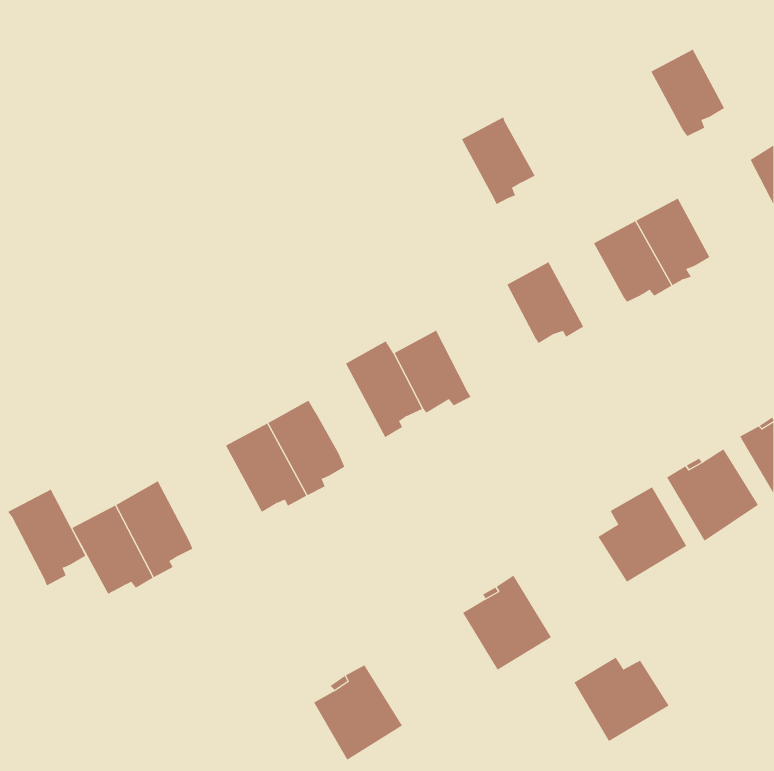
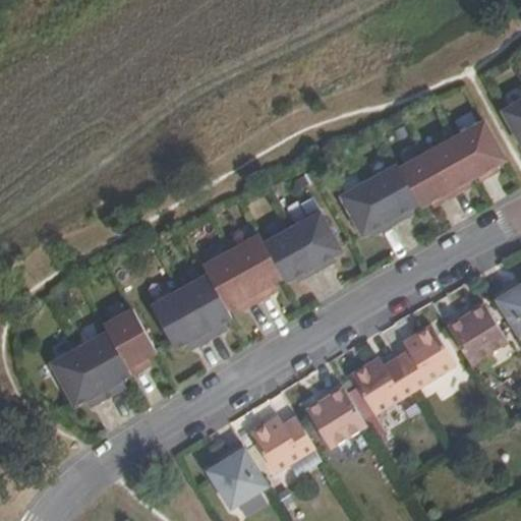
building: [650,49,725,137] -> [454,121,504,180]
building: [461,117,536,205] -> [367,164,417,223]
building: none -> [292,211,342,270]
building: none -> [202,247,257,307]
building: [7,489,86,586] -> [103,306,156,371]
building: none -> [253,421,319,479]
building: [574,657,669,742] -> [355,361,419,418]

